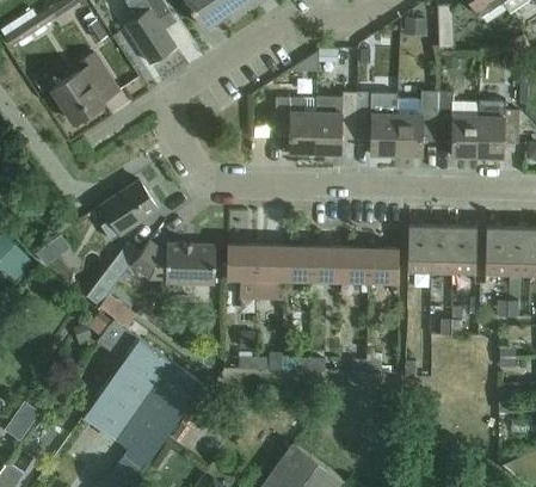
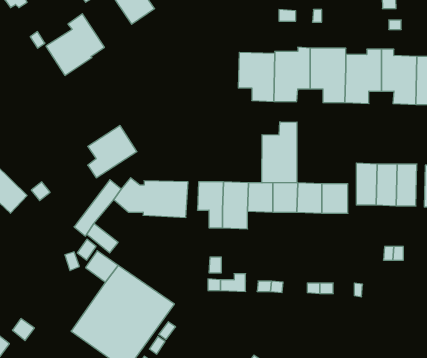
building: none -> [262,122,297,183]

